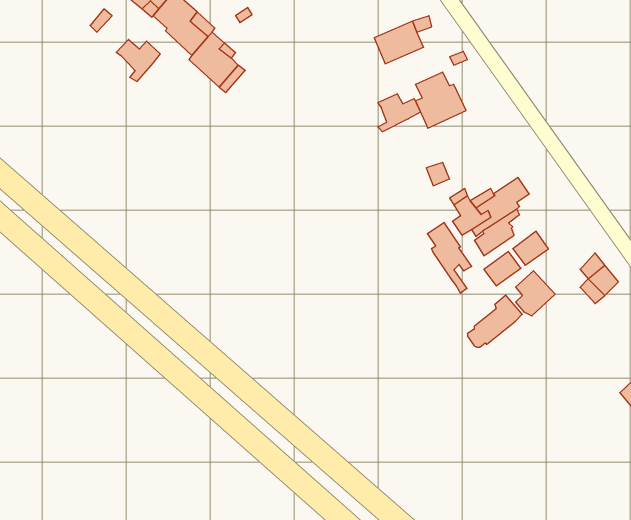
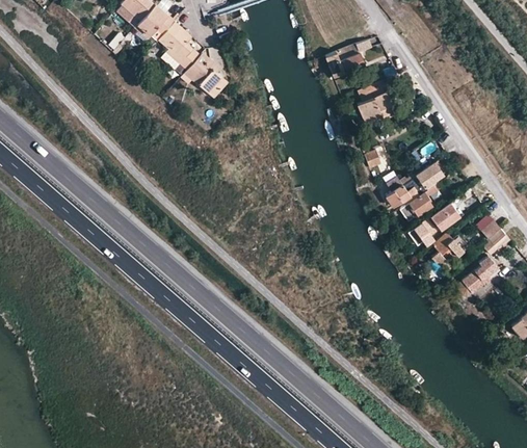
building: [116,39,160,82] -> none
building: [378,94,421,132] -> none
building: [427,222,472,293] -> none
building: [467,295,522,347] -> [457,256,499,295]

